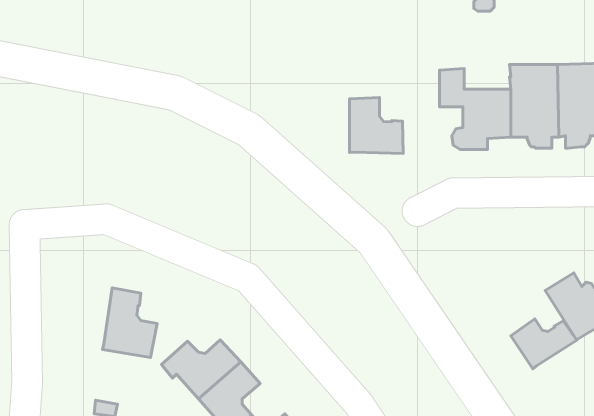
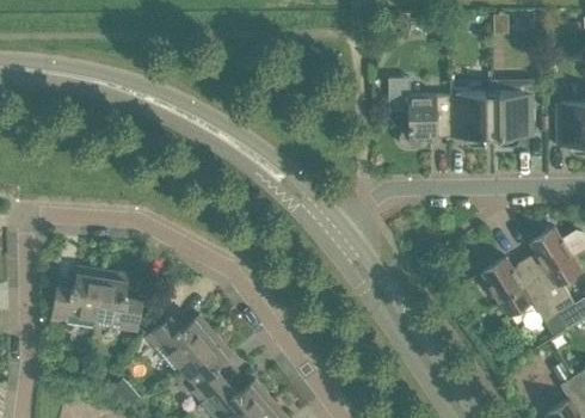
building: [350,98,403,154] -> none
building: none -> [51,268,103,321]
building: [511,319,577,369] -> none

